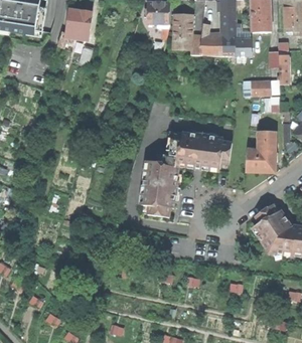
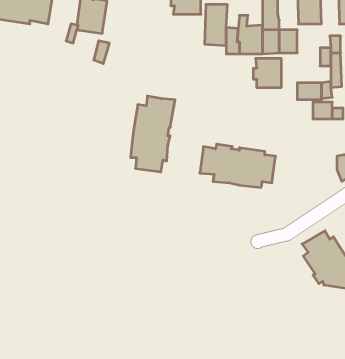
building: none -> [254,58,281,88]
building: [246,132,275,172] -> none
building: [143,154,180,217] -> [131,96,175,172]

